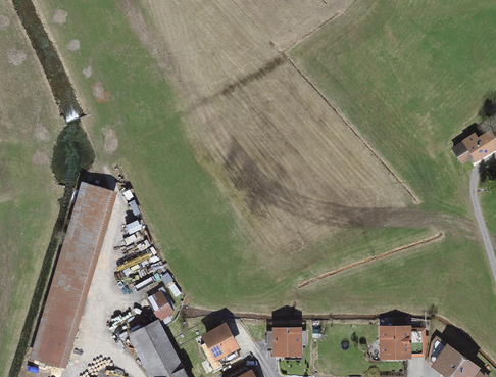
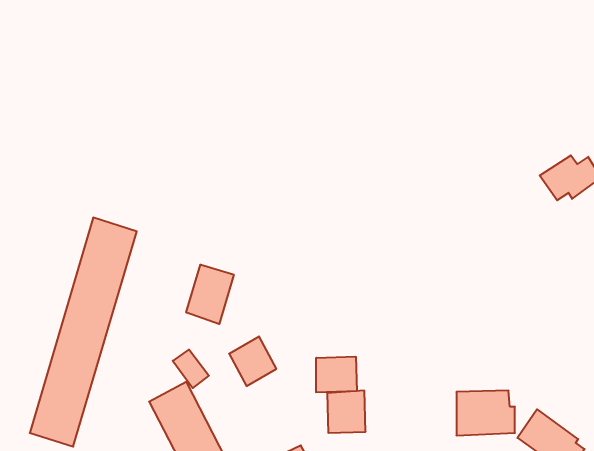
building: none -> [186,265,234,324]
building: none -> [316,357,357,392]
building: [201,321,240,362] -> [229,336,276,386]

